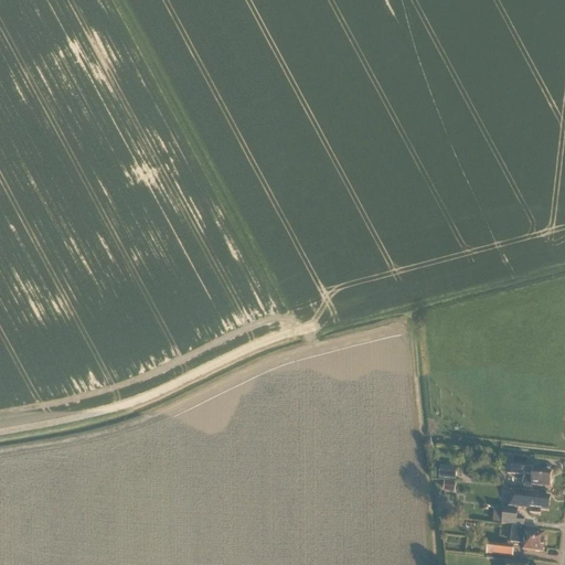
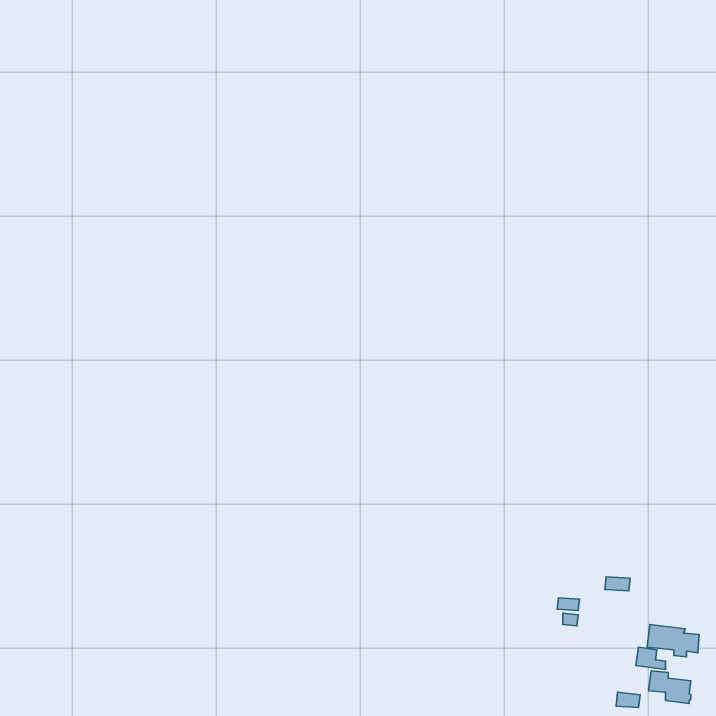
building: [509,455,550,488] -> none

